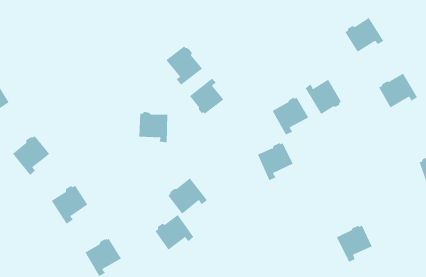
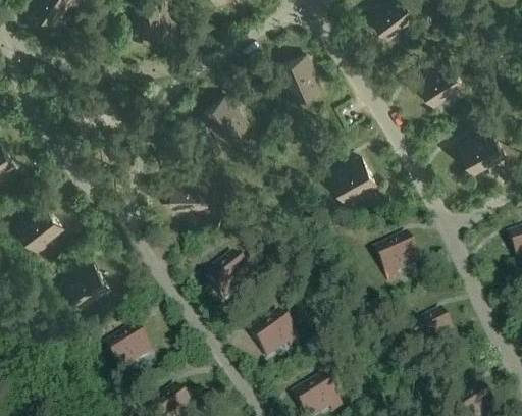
building: none -> [280,55,321,101]
building: [189,78,224,115] -> none
building: [305,79,341,115] -> none
building: [257,143,293,181] -> [375,237,419,282]
building: [155,214,194,250] -> [251,314,299,358]

